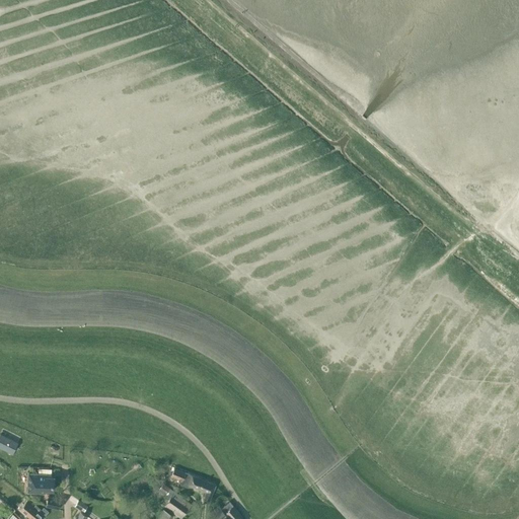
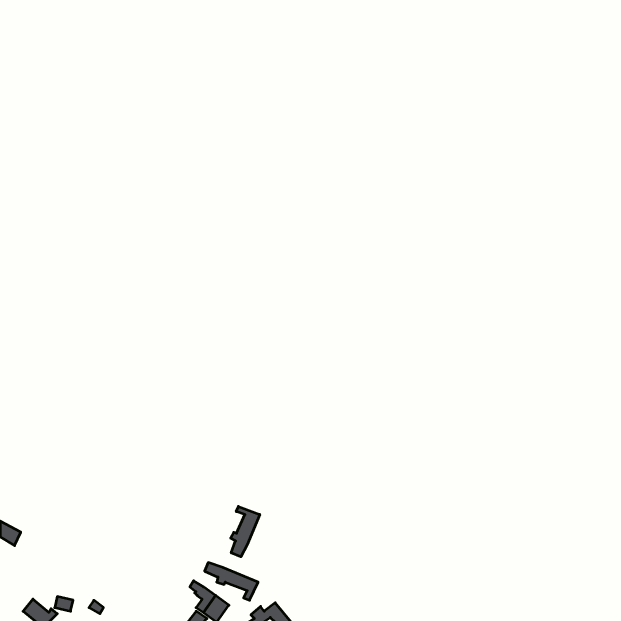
building: none -> [231,506,260,557]
building: [28,474,54,494] -> none

